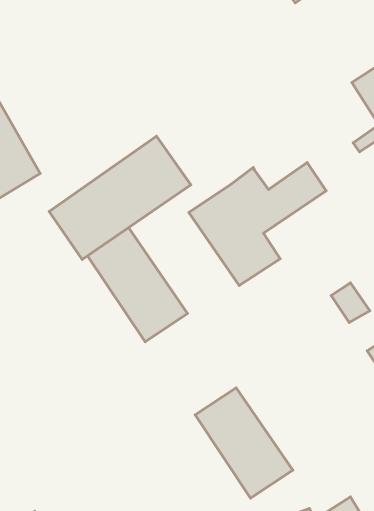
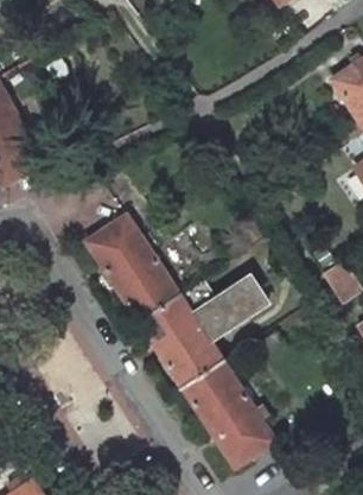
building: [49,136,191,259] -> none
building: [189,162,326,286] -> [139,273,266,387]

